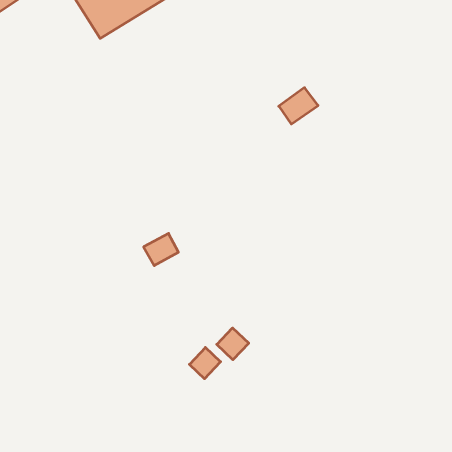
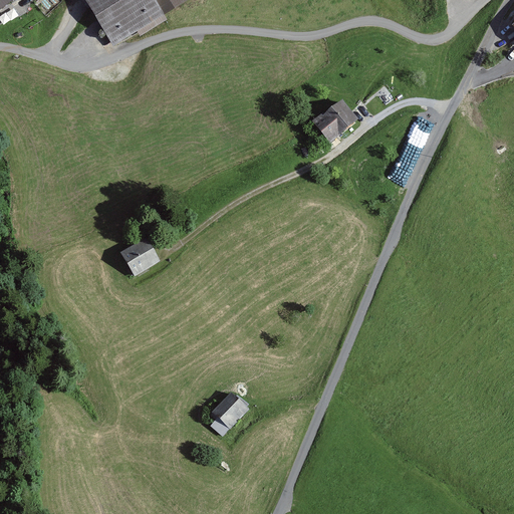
building: [144,233,178,266] -> [121,238,161,274]
building: [217,328,249,360] -> none

